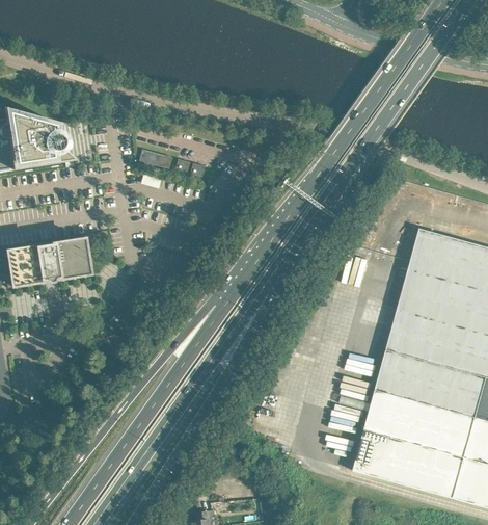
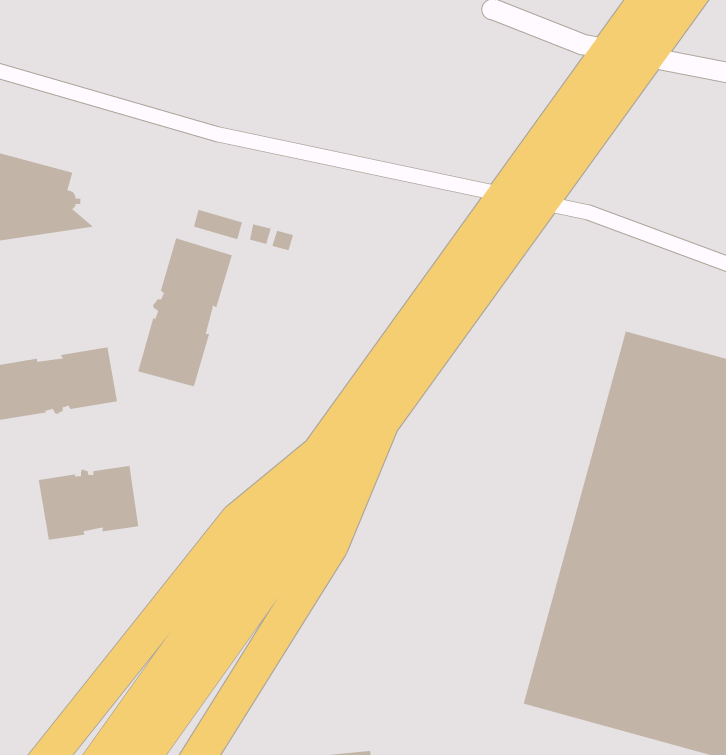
building: none -> [137,238,232,387]
building: none -> [38,465,139,541]

